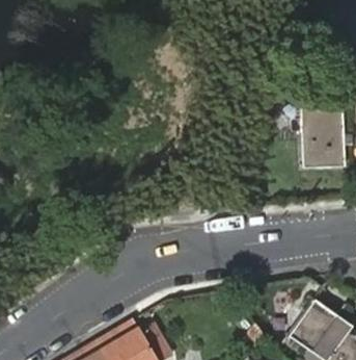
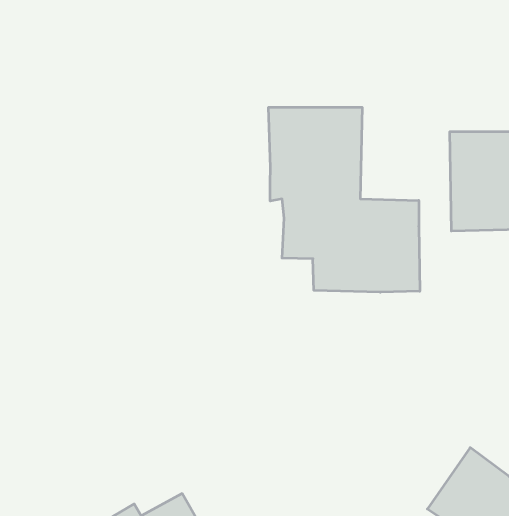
building: none -> [269,107,420,292]

